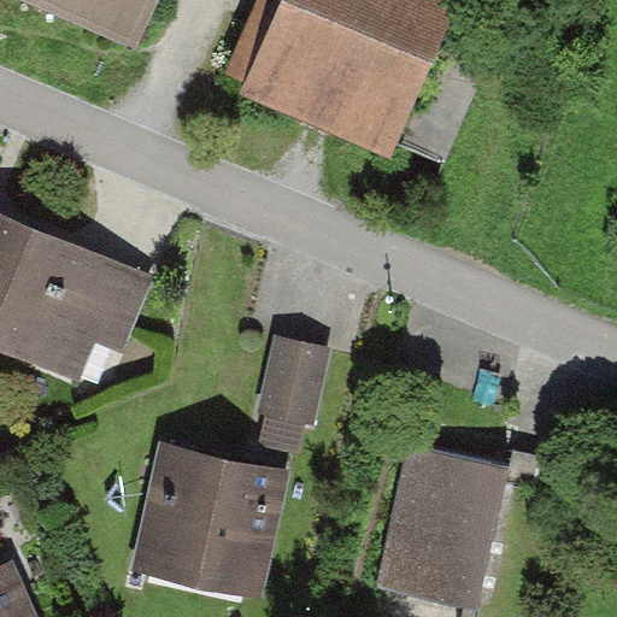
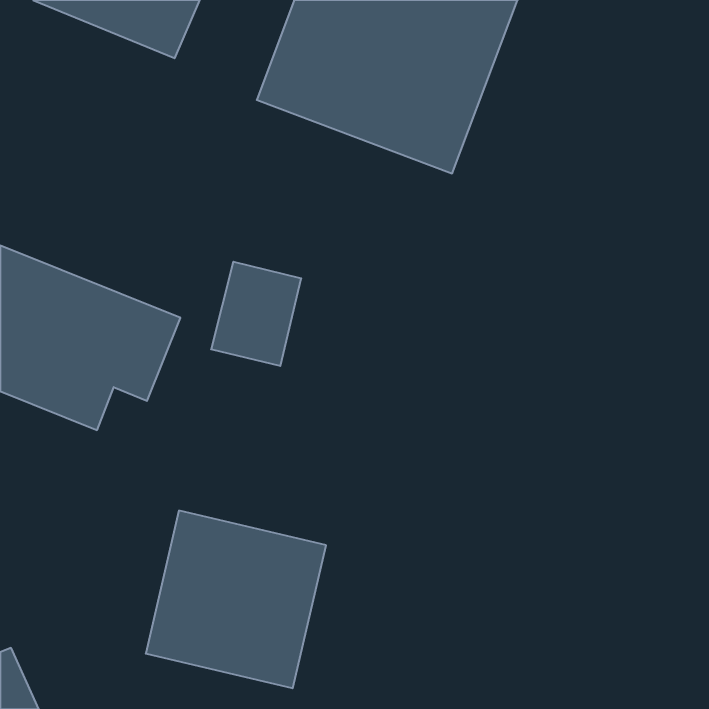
building: [252,333,330,423] -> [211,262,301,366]
building: [377,446,510,607] -> none

